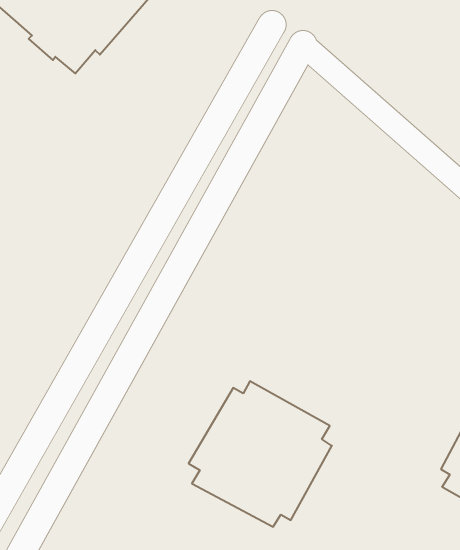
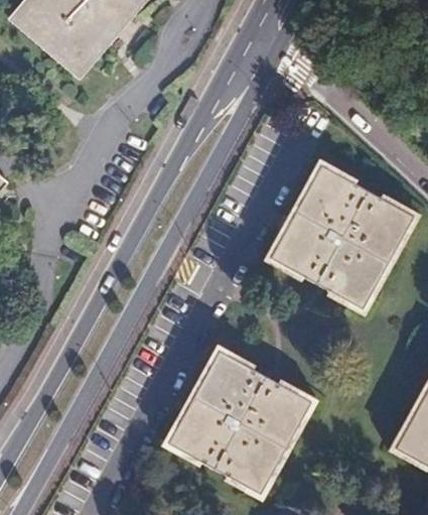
building: none -> [277,167,407,298]

